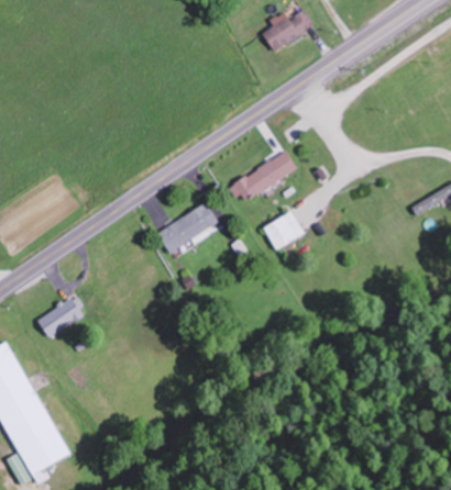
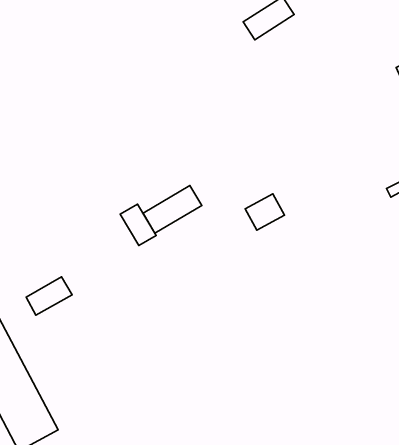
building: [231,152,297,203] -> none
building: none -> [120,204,156,246]

